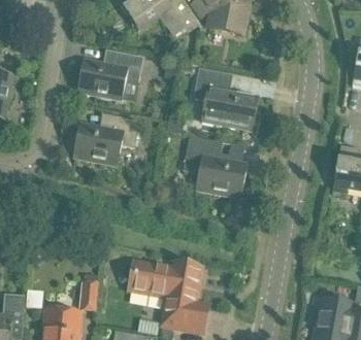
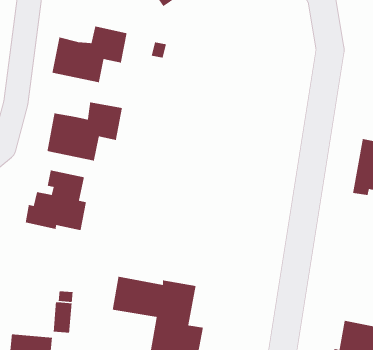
building: [195,68,258,130] -> none
building: [179,135,245,197] -> none
building: none -> [25,170,87,231]

